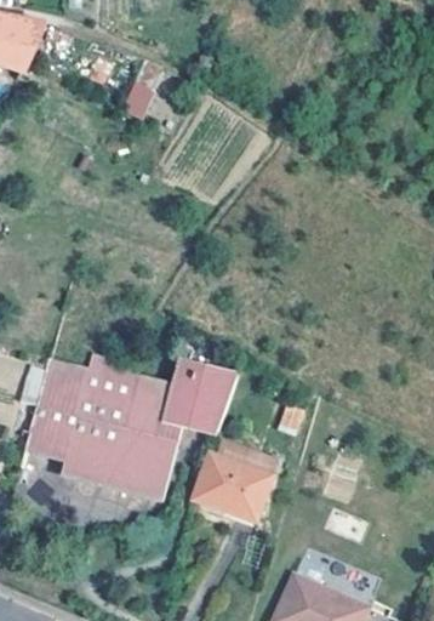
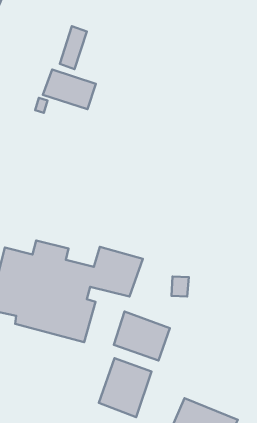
building: none -> [43,70,96,109]
building: none -> [99,358,152,417]

